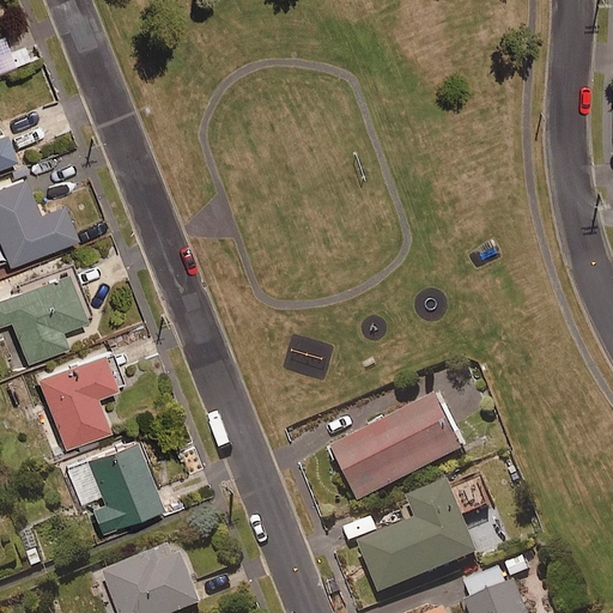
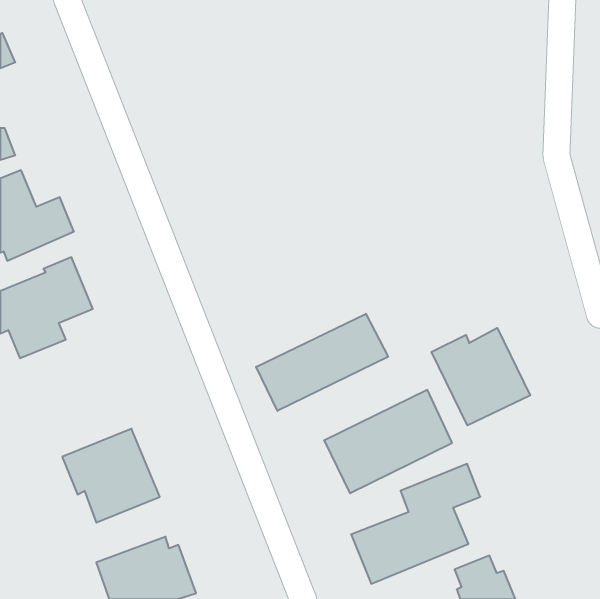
building: none -> [256,314,388,411]
building: none -> [432,328,530,425]
building: [34,346,125,449] -> none

